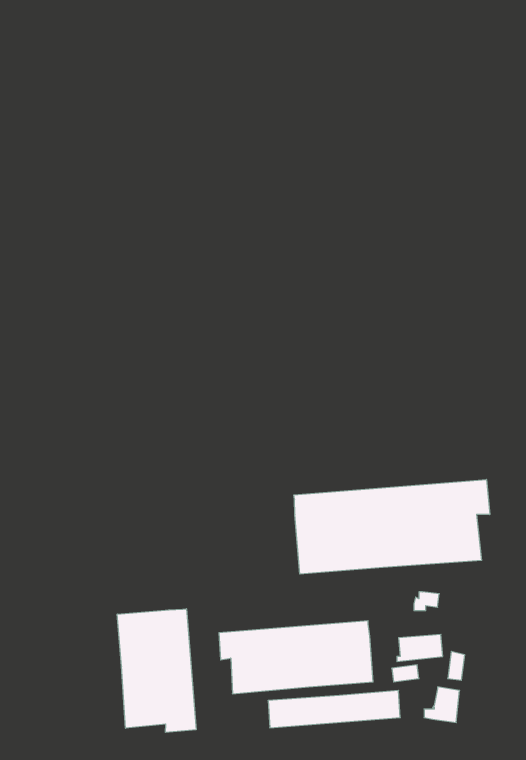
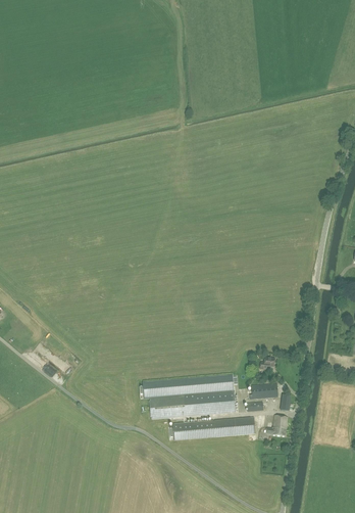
building: [294,479,490,574] -> none
building: [117,609,196,732] -> none

